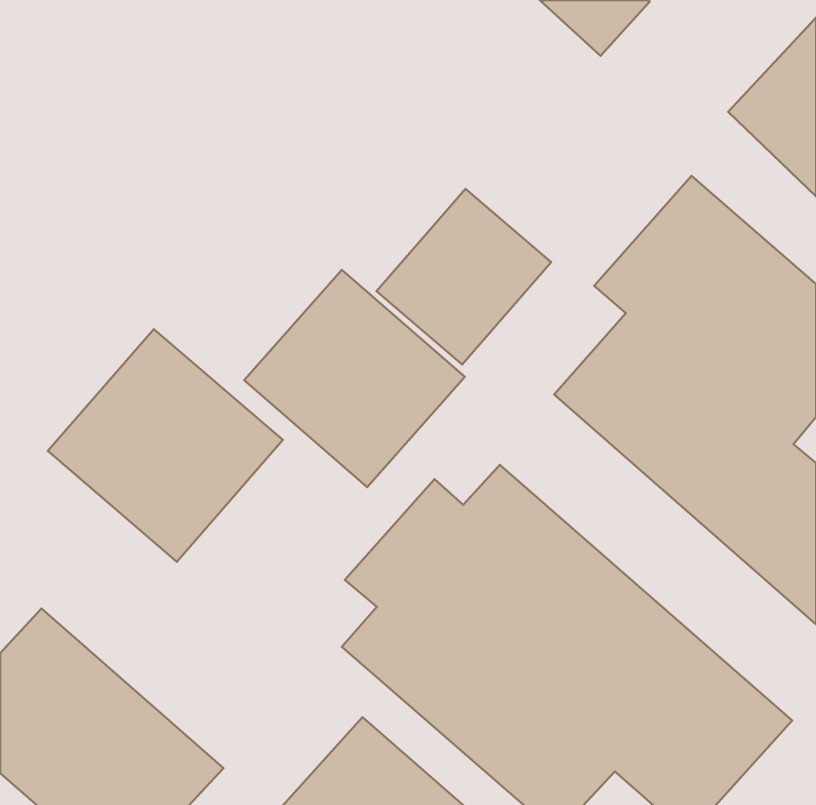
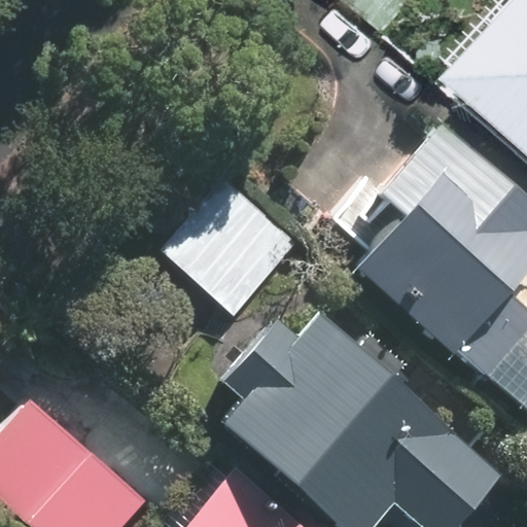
building: [376,189,551,365] -> none
building: [48,329,283,562] -> none

